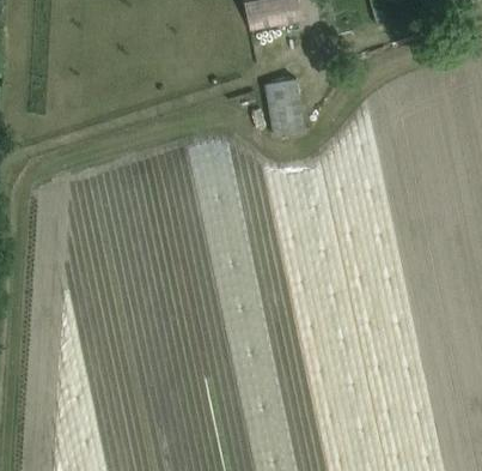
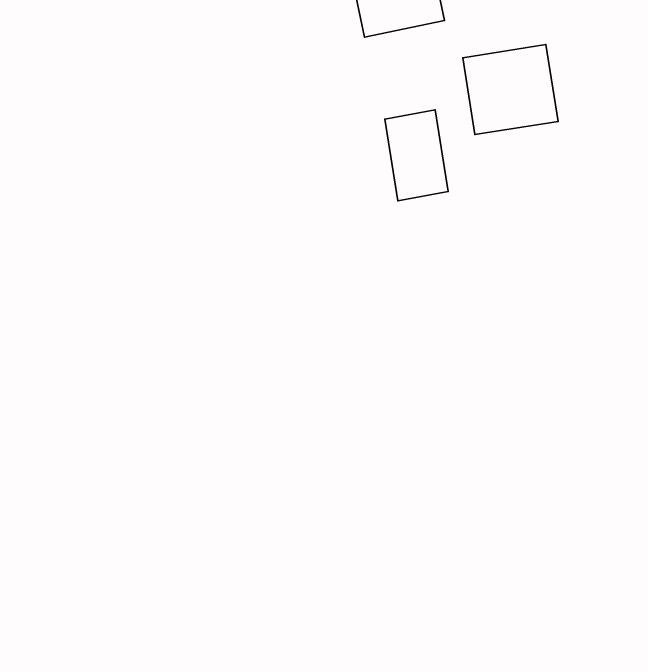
building: none -> [463,45,558,135]

